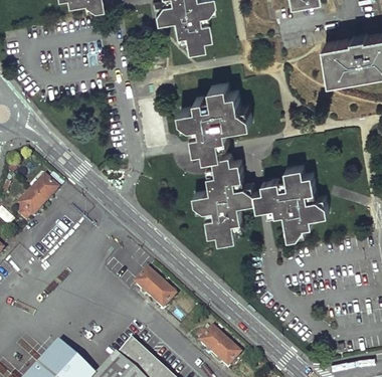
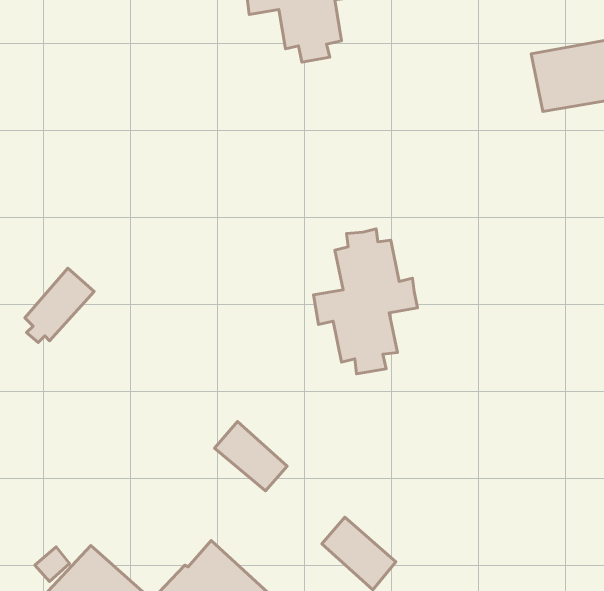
building: [179,83,251,158] -> none
building: [253,165,328,238] -> none

